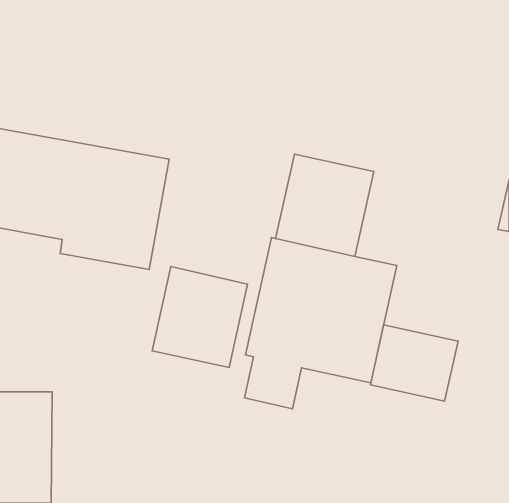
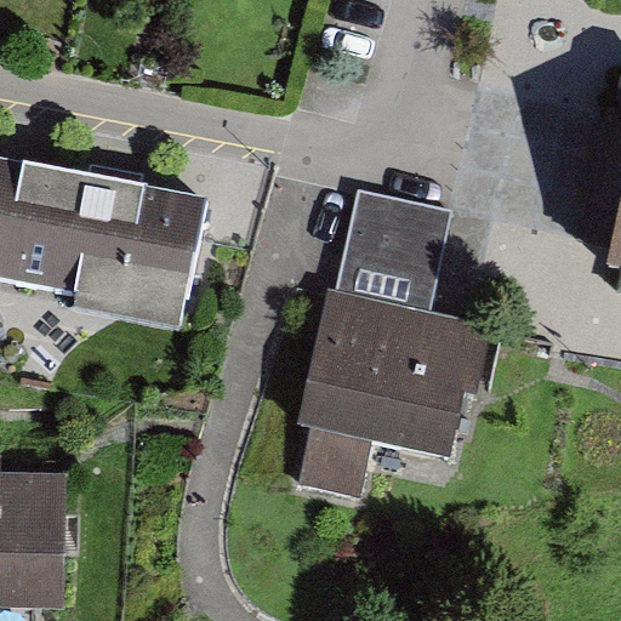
building: [152,266,247,367] -> none
building: [371,325,458,401] -> none

